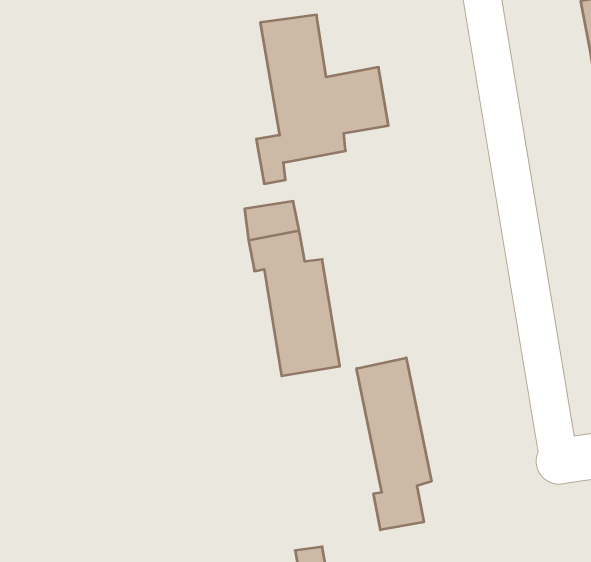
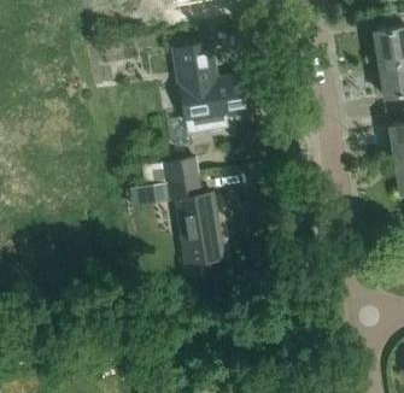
building: [357,358,431,530] -> none

